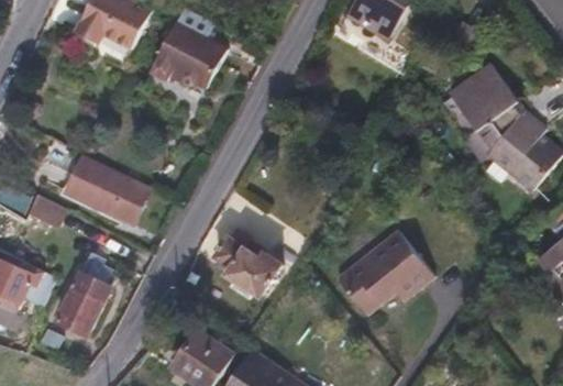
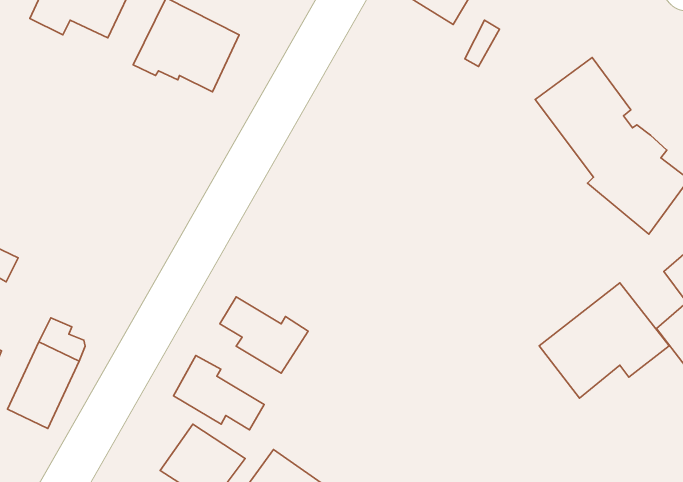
building: [68,157,153,224] -> none
building: [335,231,431,316] -> [539,283,669,398]
building: none -> [174,356,264,430]

